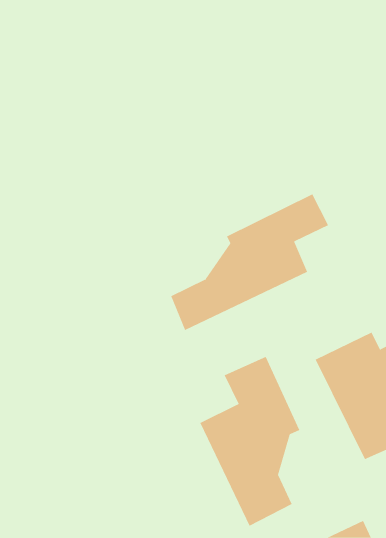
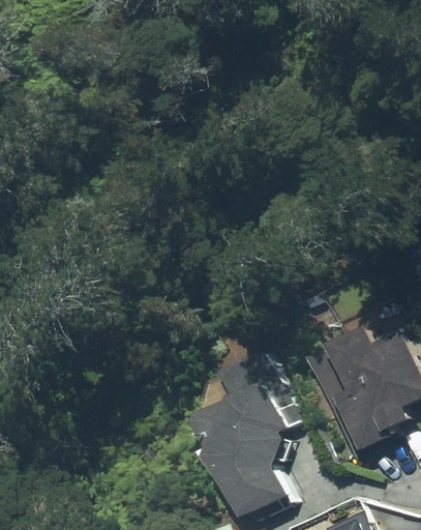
building: [171,193,329,331] -> none

